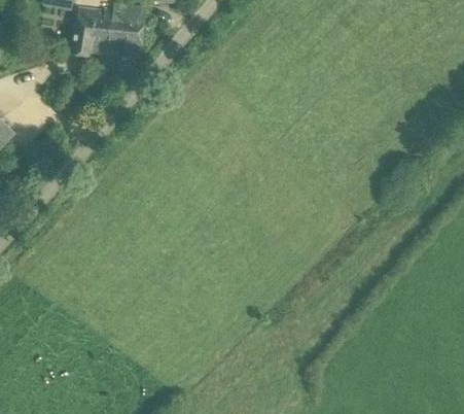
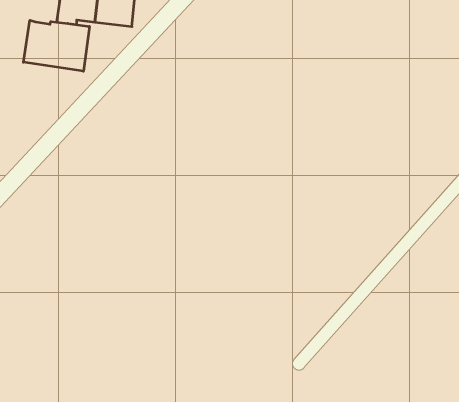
building: none -> [23,20,89,71]

